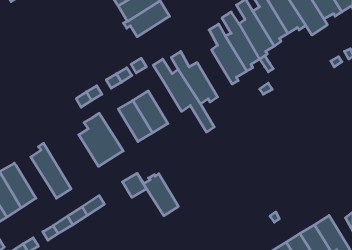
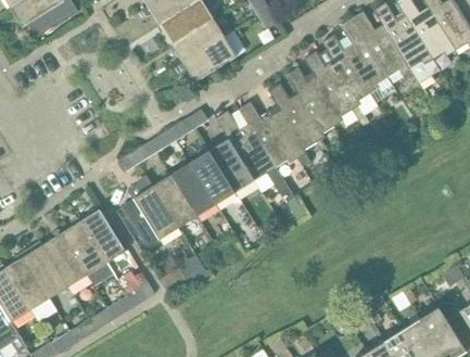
building: none -> [268,82,316,157]
building: none -> [209,138,254,191]
building: none -> [80,208,125,263]
building: none -> [42,228,87,285]
building: [140,174,178,216] -> [148,173,196,226]

